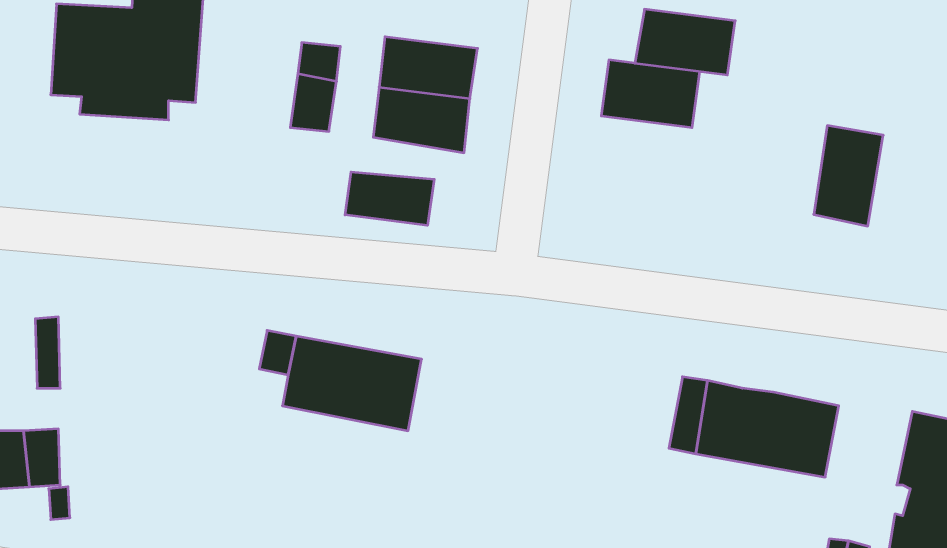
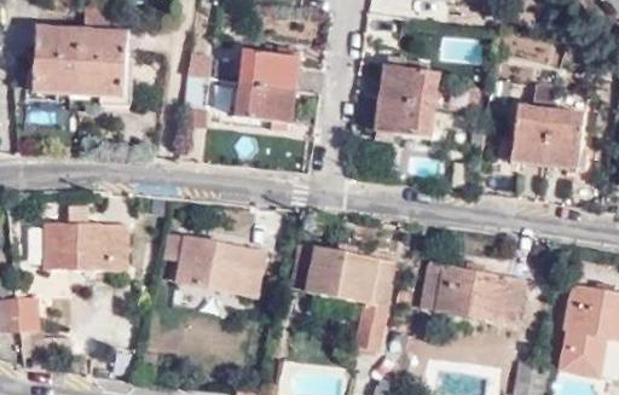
building: [635,9,735,75] -> [371,99,434,140]
building: none -> [544,111,584,173]
building: [345,172,434,225] -> none
building: none -> [44,223,126,272]
building: none -> [285,240,392,348]

